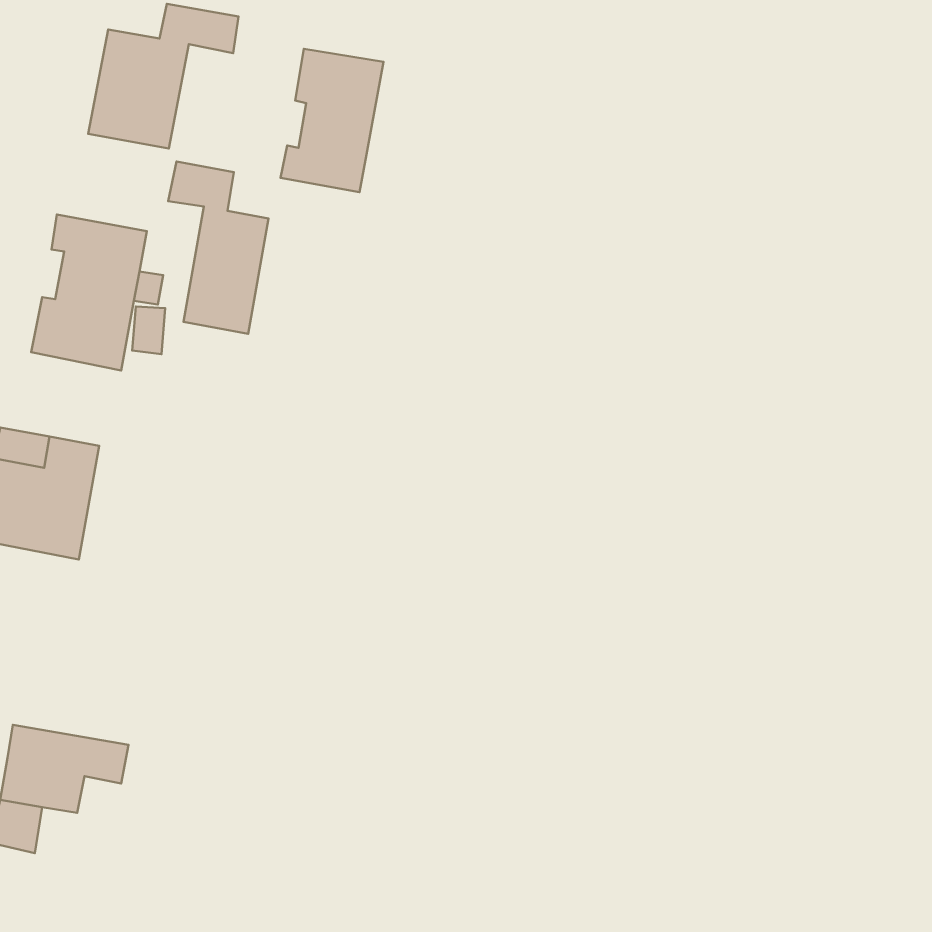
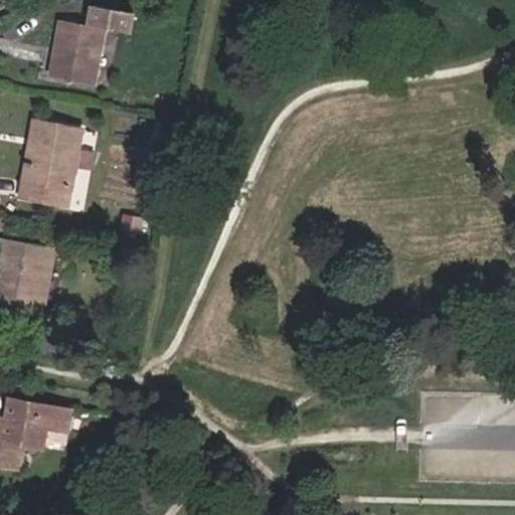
building: [281,49,383,192] -> none
building: [168,161,269,334] -> none

